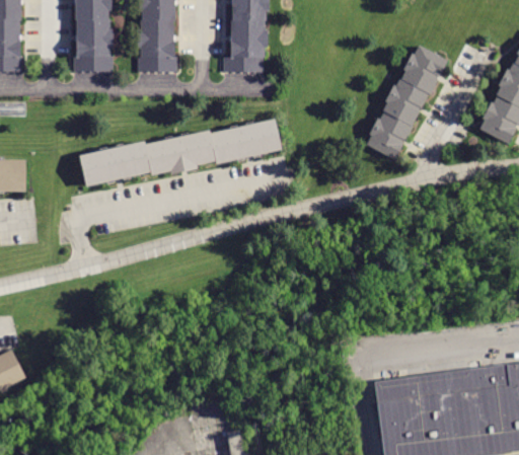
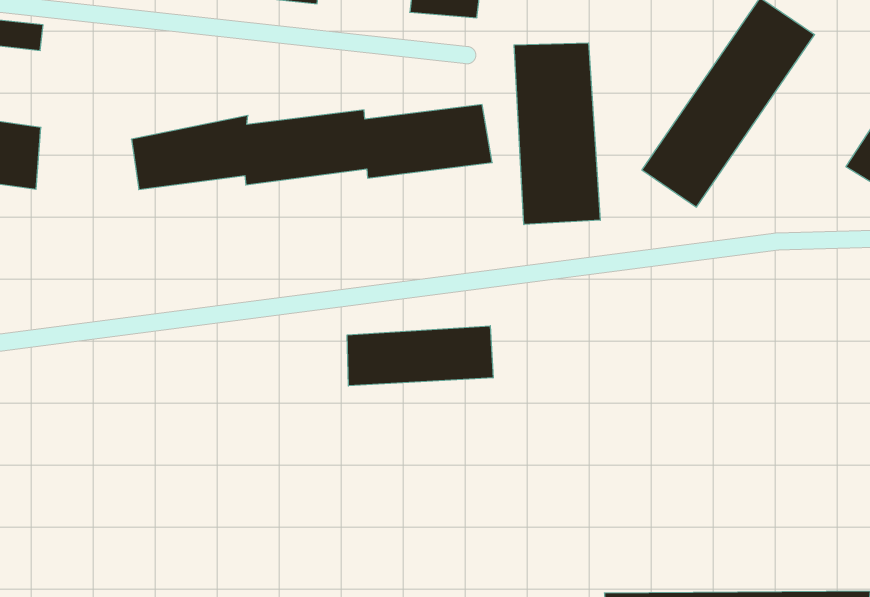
building: none -> [514,43,600,225]
building: none -> [347,326,493,386]

